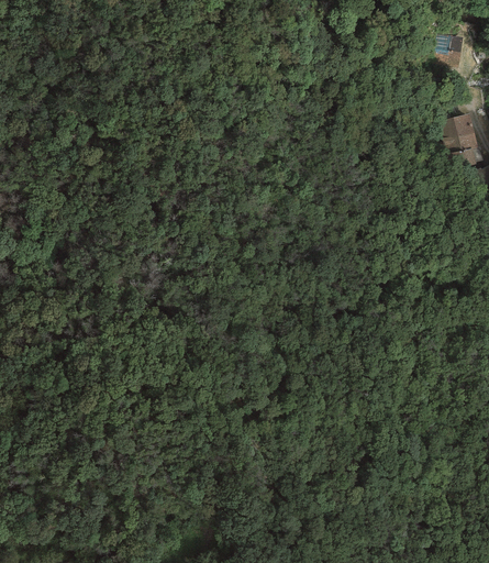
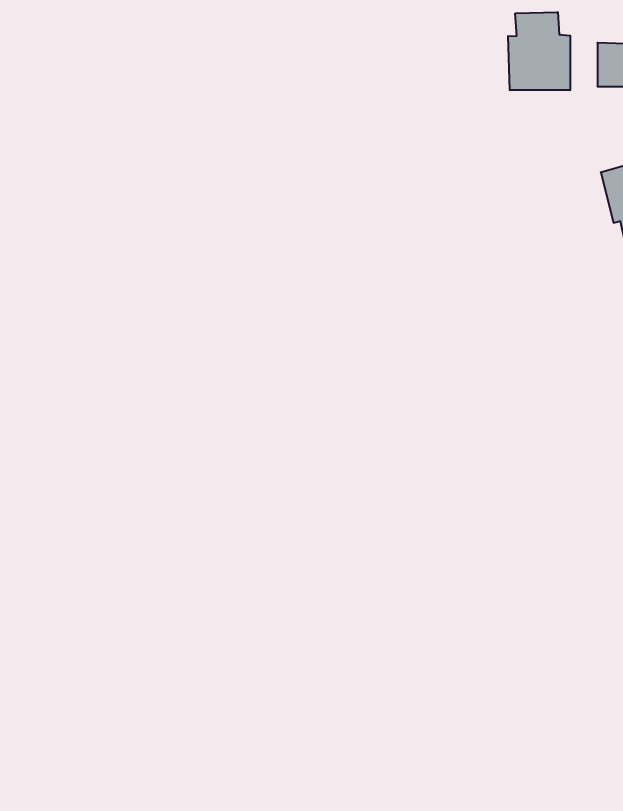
building: none -> [508,12,570,90]

